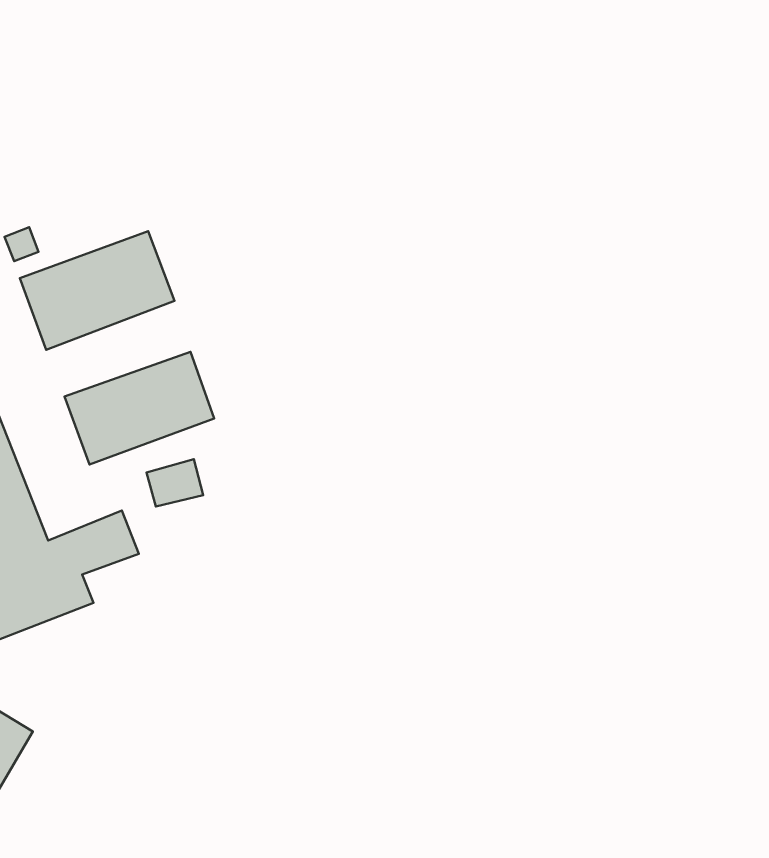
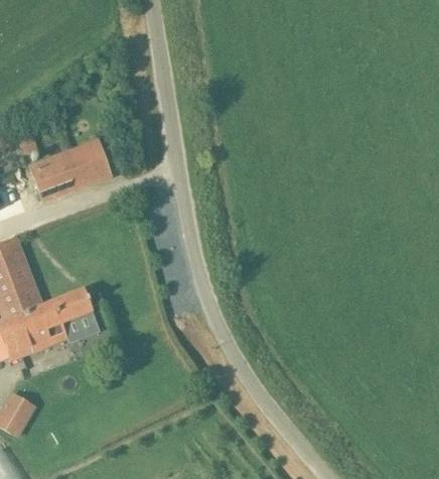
building: [64,352,214,465] -> none
building: [147,459,203,506] -> [67,314,98,339]

